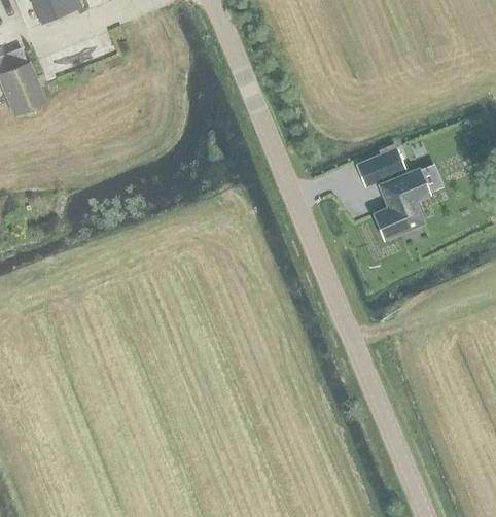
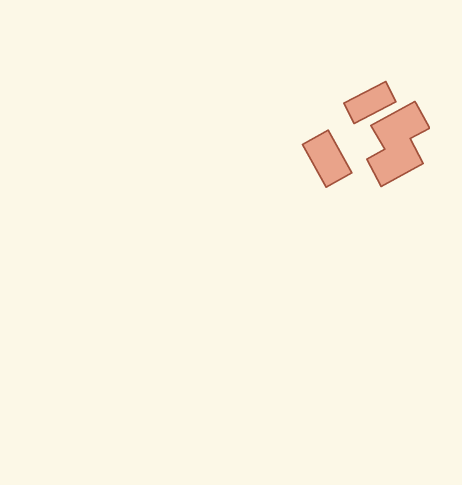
building: none -> [303,130,352,187]

